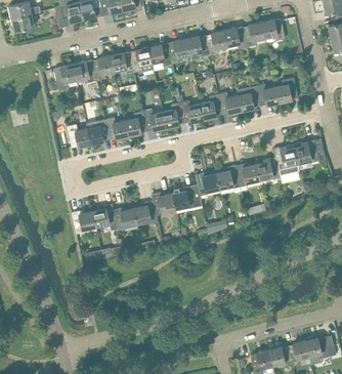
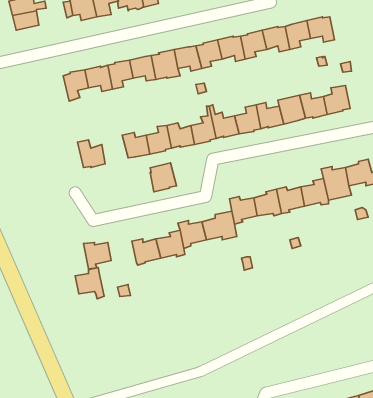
building: [87,120,110,144] -> [150,163,177,192]
building: [92,204,117,231] -> [75,267,104,299]

